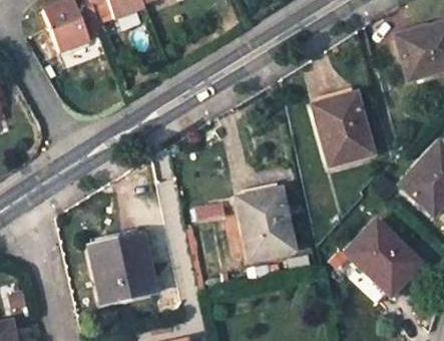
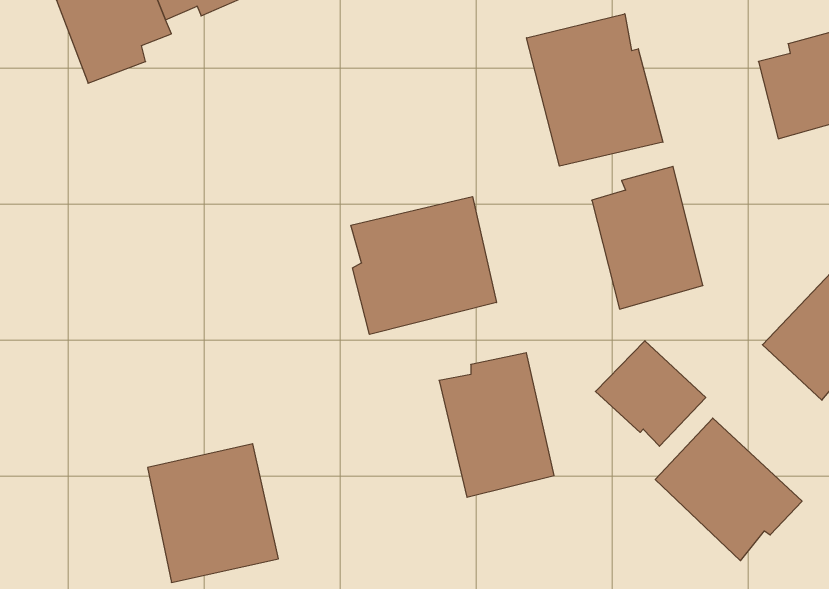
building: none -> [527,14,663,166]
building: none -> [351,197,496,334]
building: none -> [595,341,706,446]

